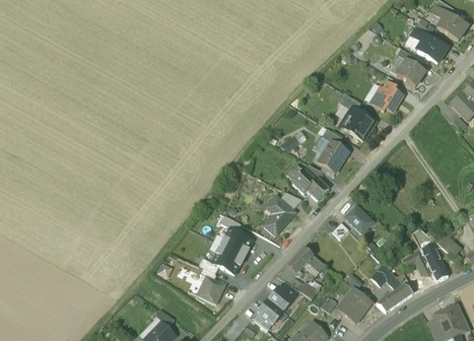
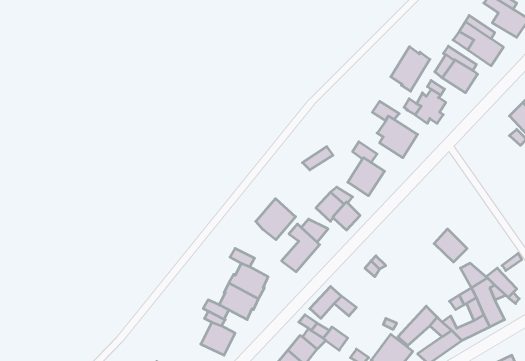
building: none -> [391,47,430,91]
building: none -> [256,199,296,240]
building: [345,205,373,232] -> [434,229,467,262]

